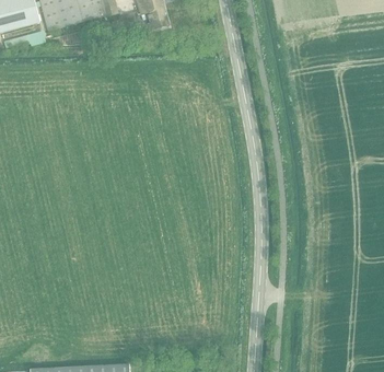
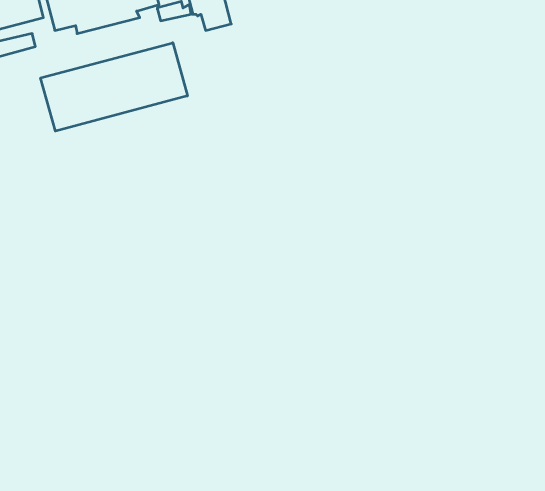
building: none -> [41,43,187,131]

